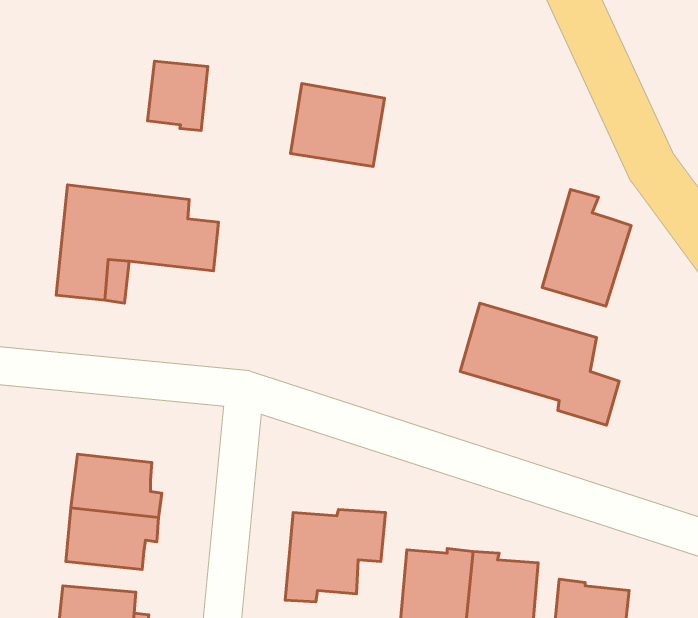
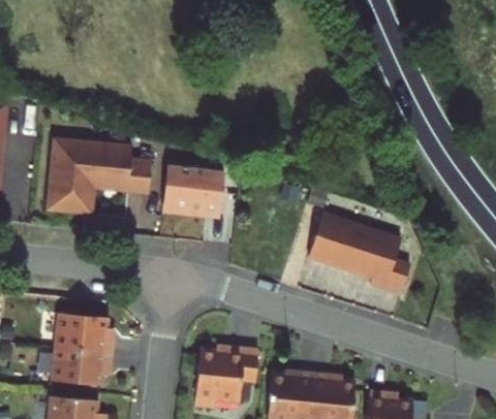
building: [147,61,208,130] -> none
building: [290,84,385,166] -> [163,161,223,214]
building: [542,190,631,306] -> none

